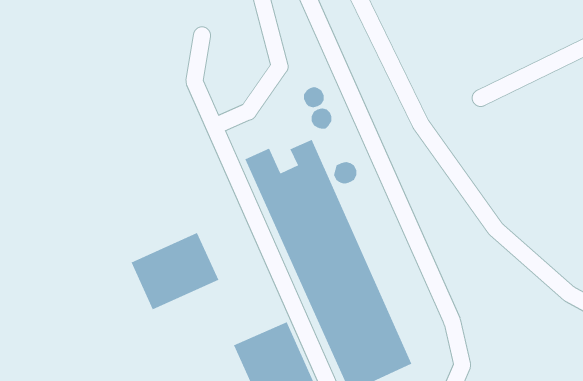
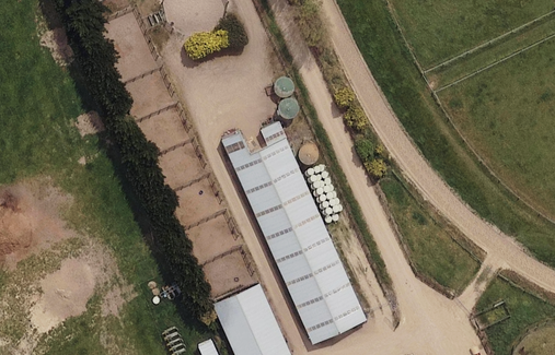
building: [131,232,219,310] -> none

